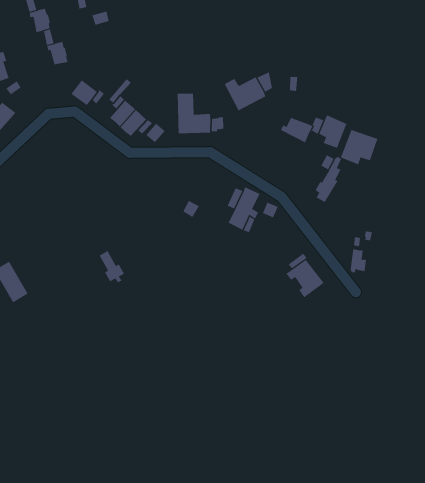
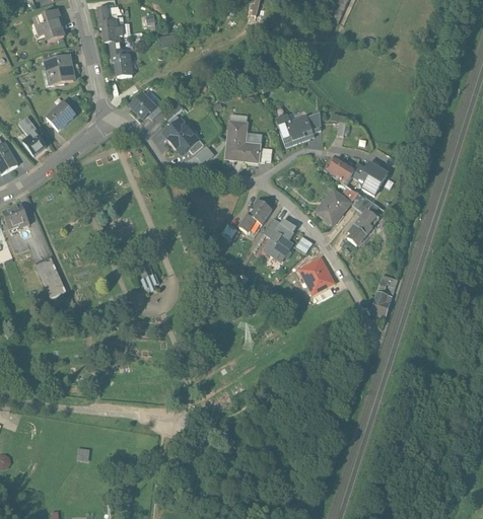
building: [340,129,378,165] -> none
building: none -> [315,189,350,222]
building: none -> [239,198,272,228]
building: [286,259,324,298] -> [298,255,334,292]

